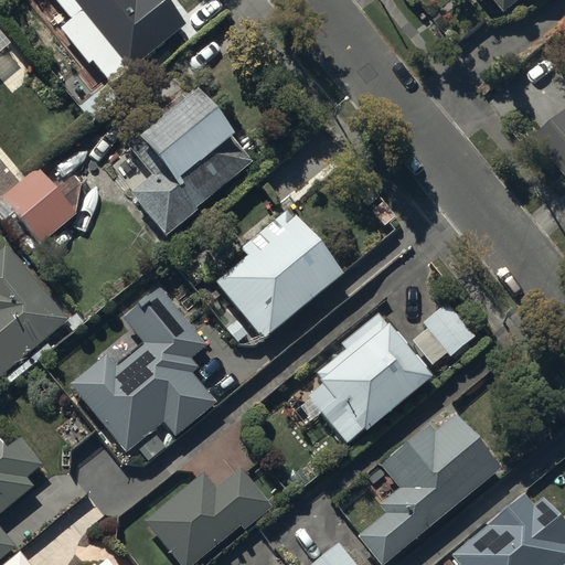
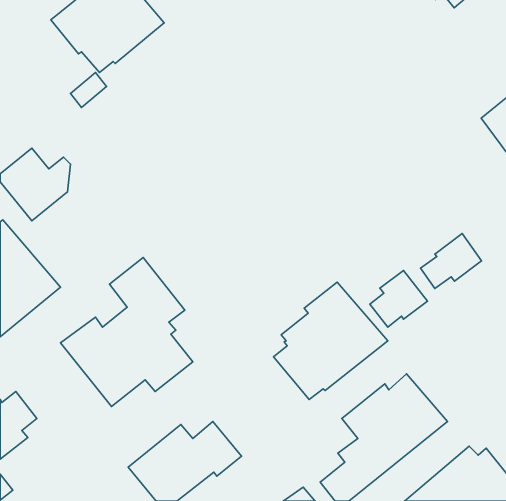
building: [124,89,252,235] -> none
building: [200,210,341,342] -> none
building: none -> [420,234,482,289]

